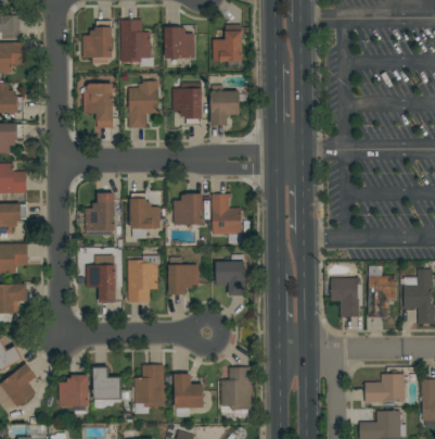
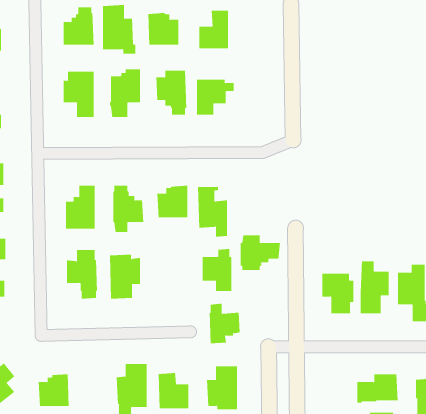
building: none -> [240,234,280,271]
building: [168,256,199,296] -> [209,303,240,344]
building: [92,366,121,400] -> none

